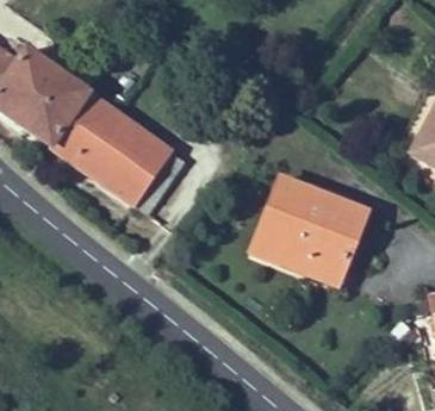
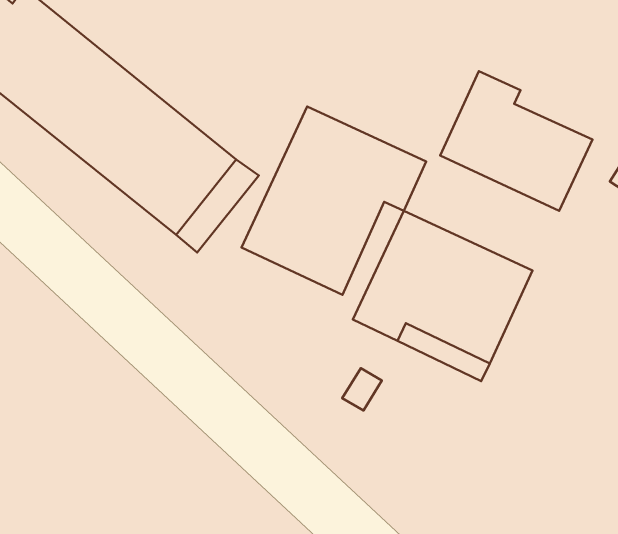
building: none -> [440,71,593,211]
building: none -> [242,107,426,295]

